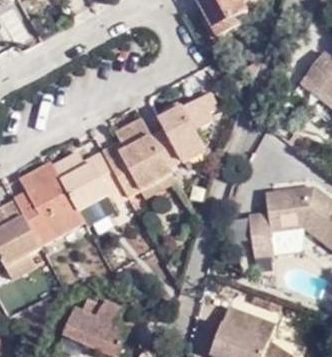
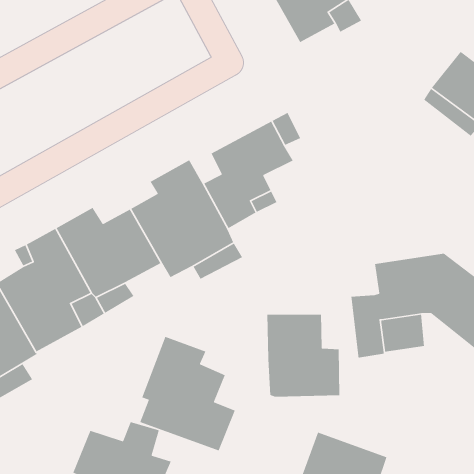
building: none -> [266,314,340,398]
building: none -> [139,336,236,452]

